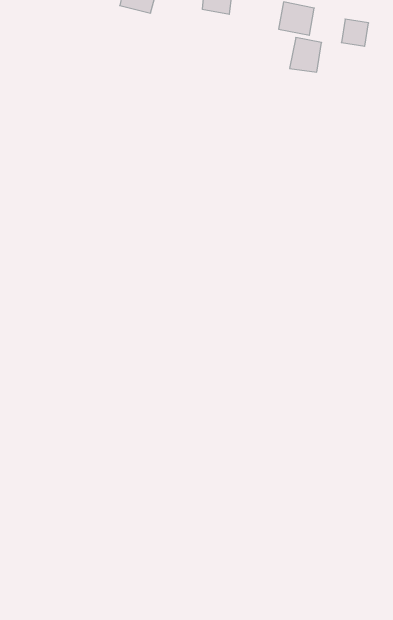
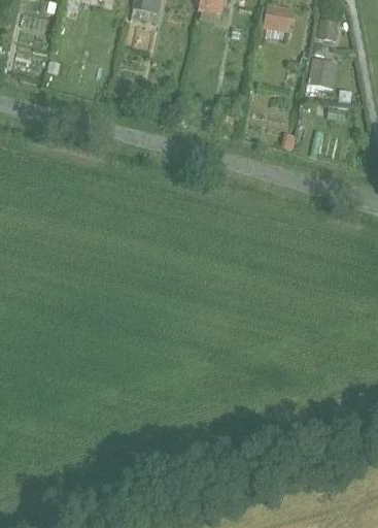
building: [290,38,322,72] -> [308,59,335,88]

